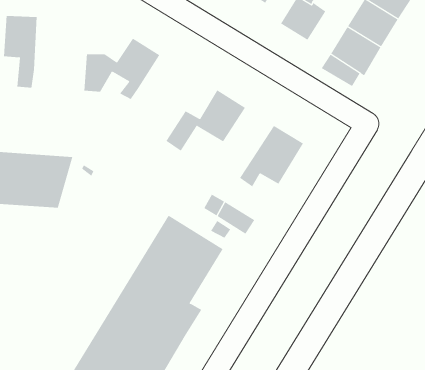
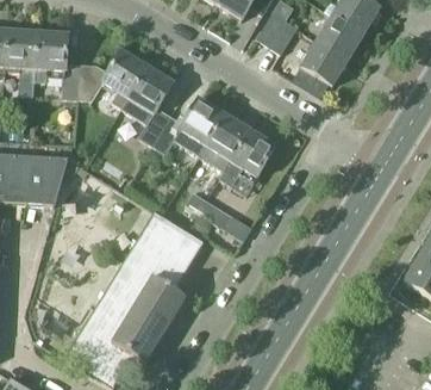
building: none -> [33,31,80,98]
building: none -> [120,66,173,143]
building: none -> [204,113,249,160]

